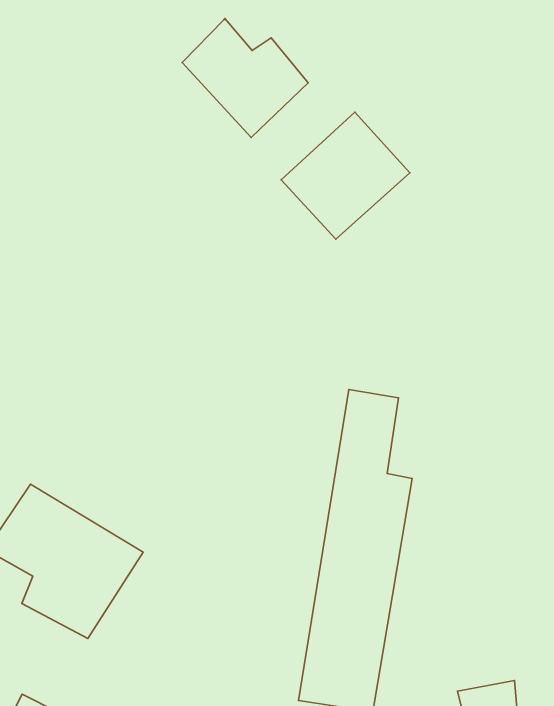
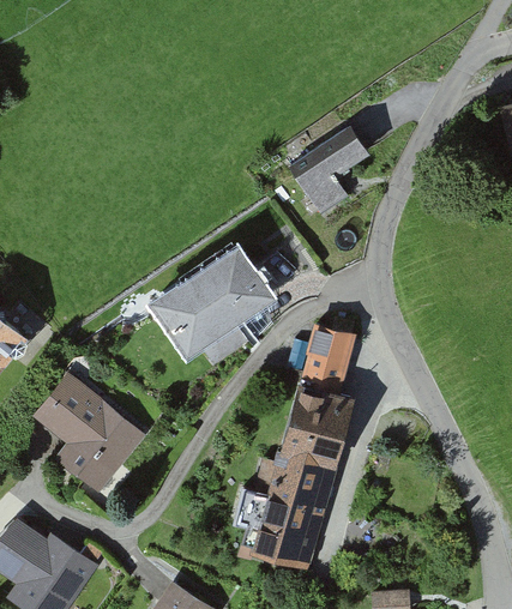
building: [182,19,308,137] -> none
building: none -> [152,252,275,369]

